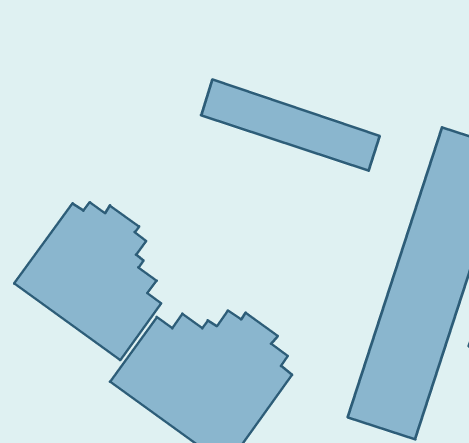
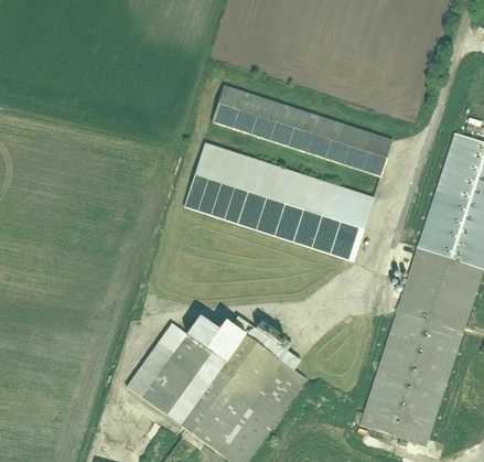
building: none -> [186,142,376,260]
building: [14,202,161,360] -> none

